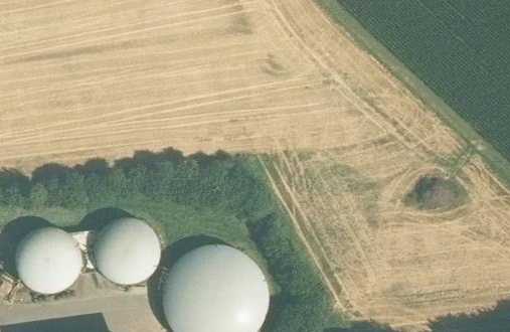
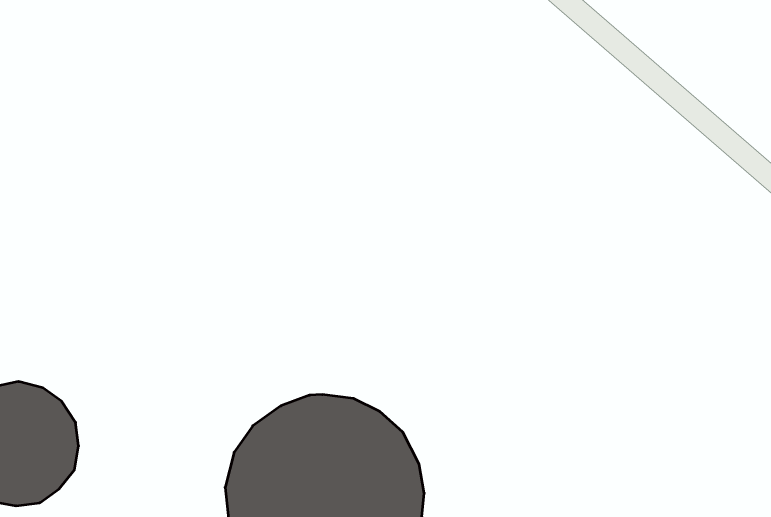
building: [92,216,160,284] -> none

